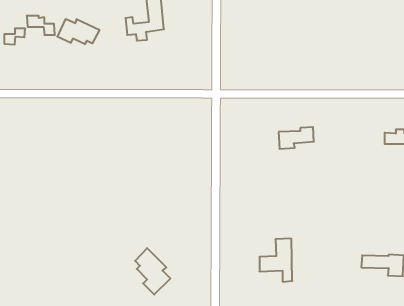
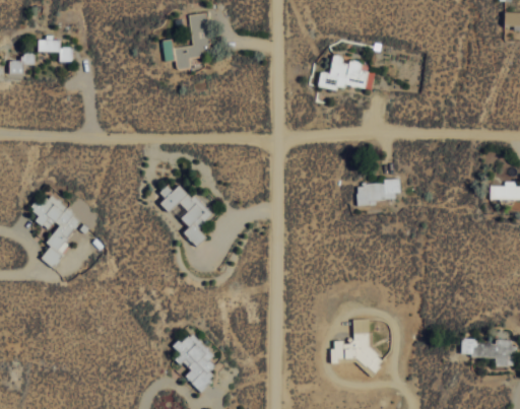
building: [57,19,99,44] -> none
building: none -> [317,55,374,91]
building: none -> [158,186,214,247]
building: none -> [31,193,84,265]

